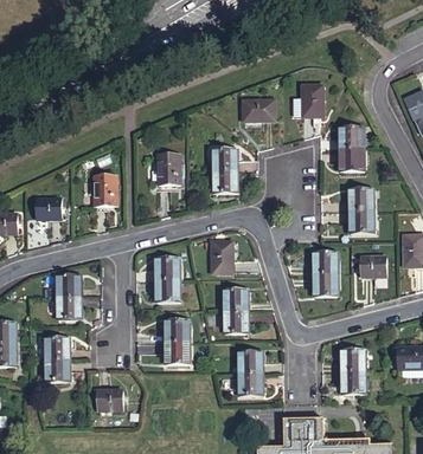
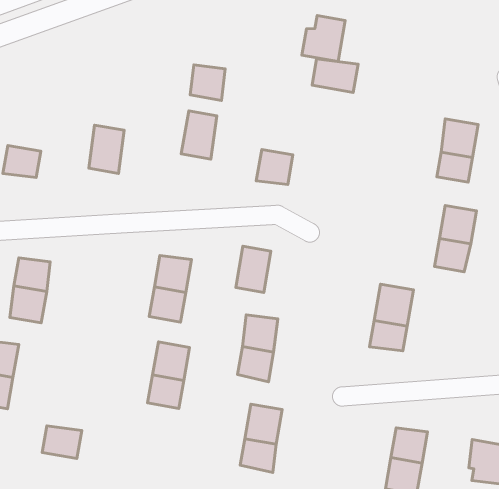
building: [293,86,319,116] -> [302,15,345,62]
building: [212,148,236,170] -> [190,65,225,100]
building: [360,253,385,273] -> none

